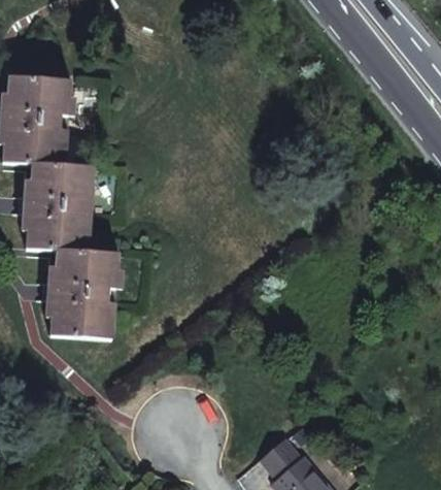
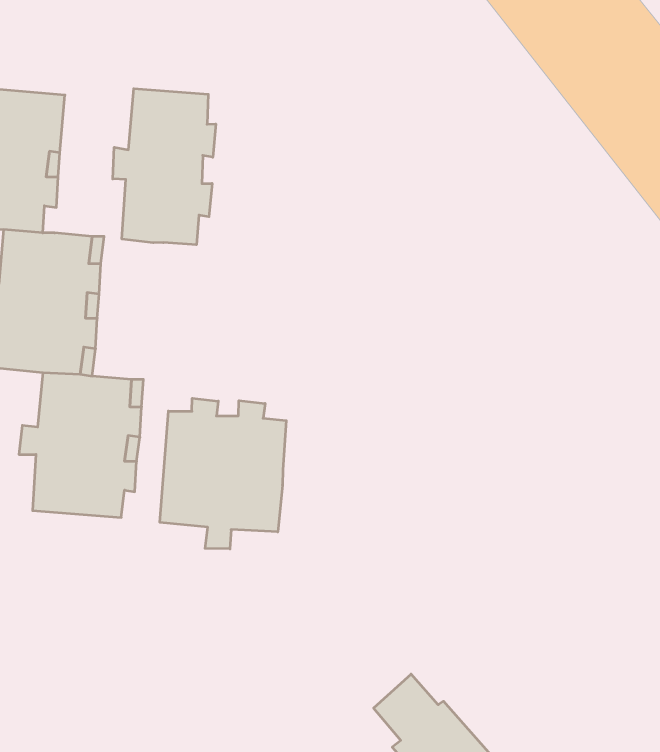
building: none -> [113,89,216,245]
building: none -> [160,398,286,549]

